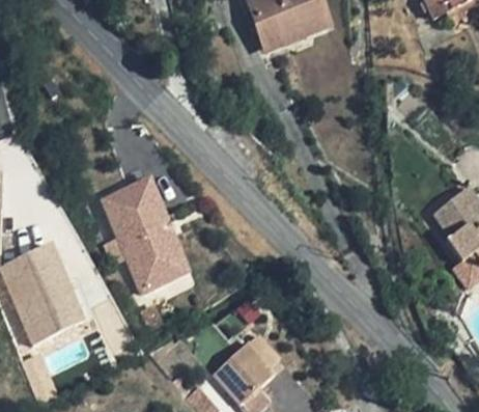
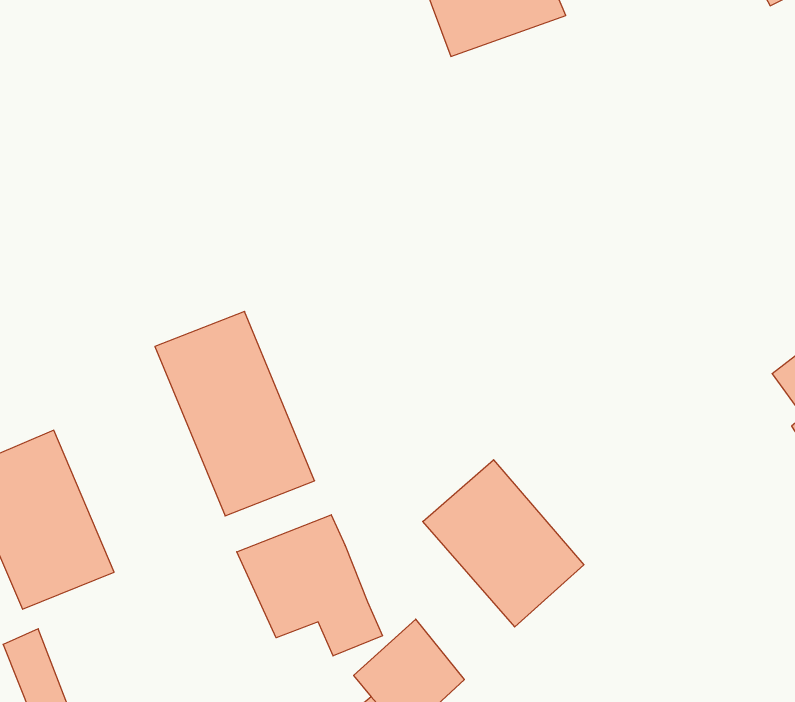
building: none -> [423,460,584,627]
building: none -> [237,515,382,656]

